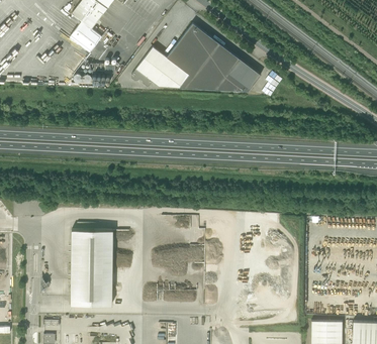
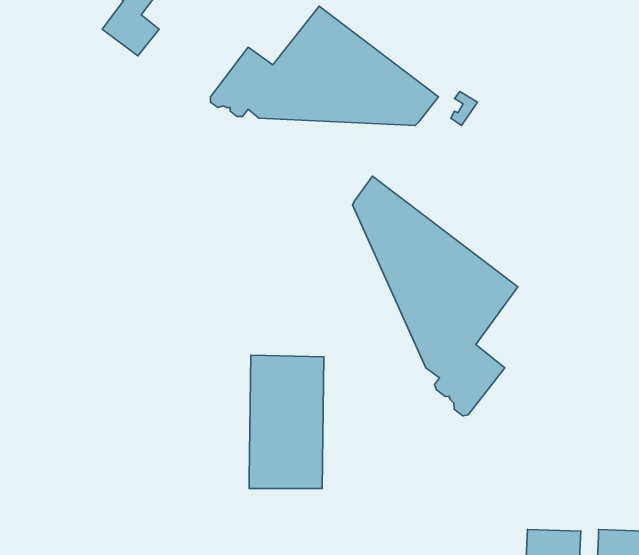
building: none -> [352,176,518,416]
building: [71,230,113,306] -> [249,355,324,489]

